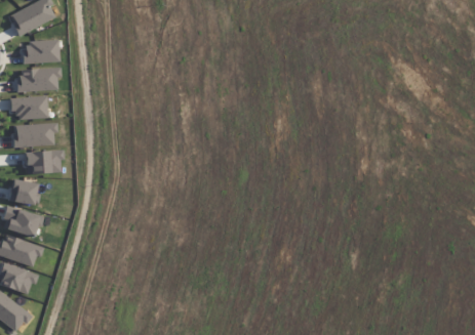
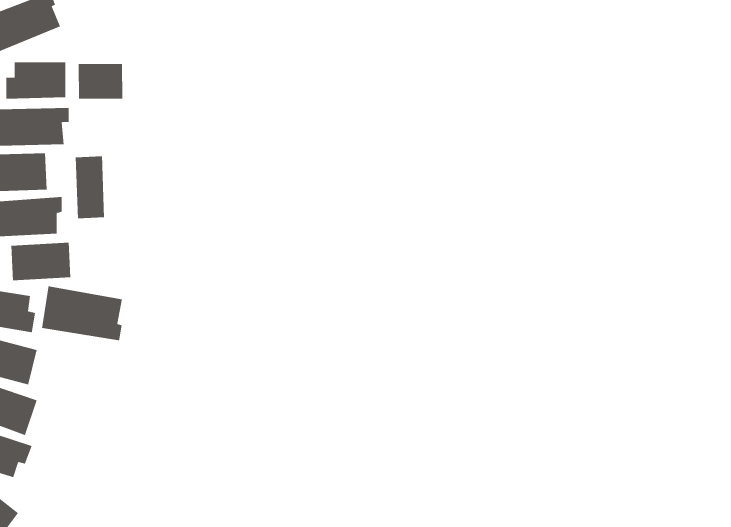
building: none -> [78,63,123,100]
building: none -> [75,155,105,219]
building: none -> [41,286,123,341]

